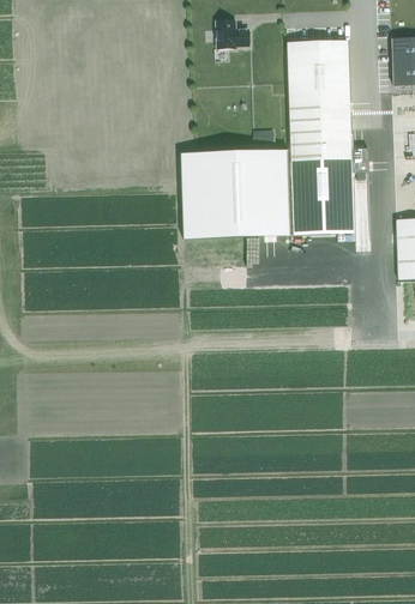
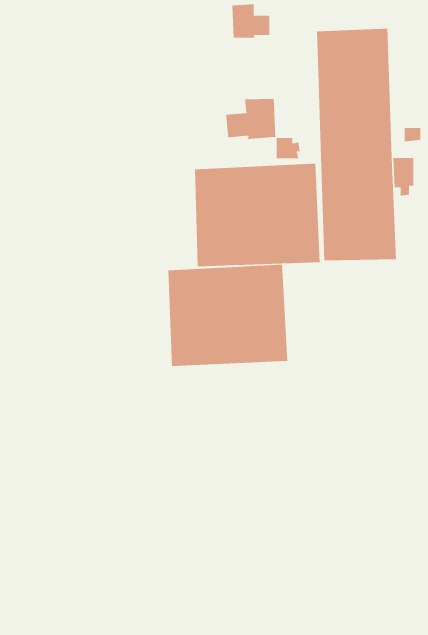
building: none -> [226,98,276,140]
building: none -> [168,264,288,367]

